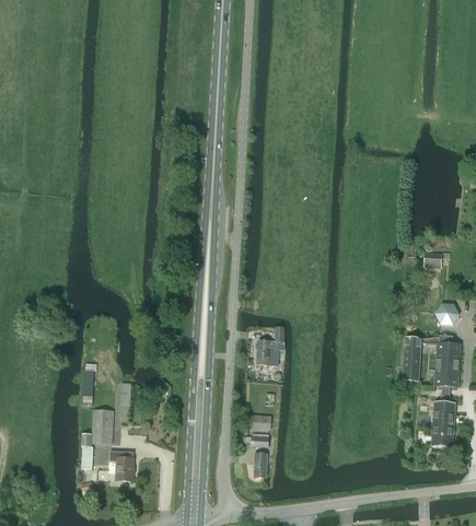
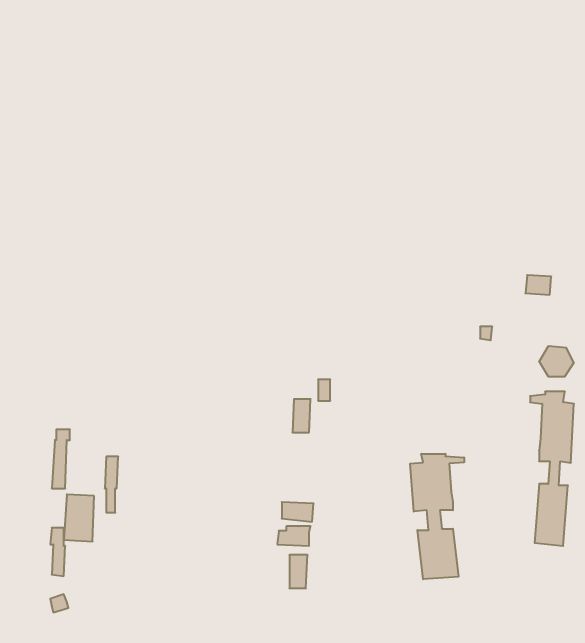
building: [403,338,428,381] -> none
building: none -> [410,454,464,579]
building: [109,452,133,481] -> none

